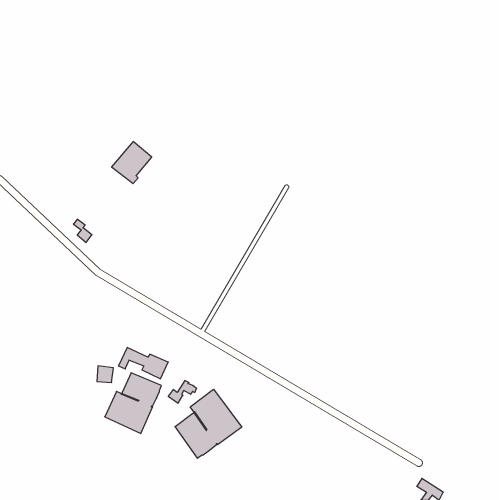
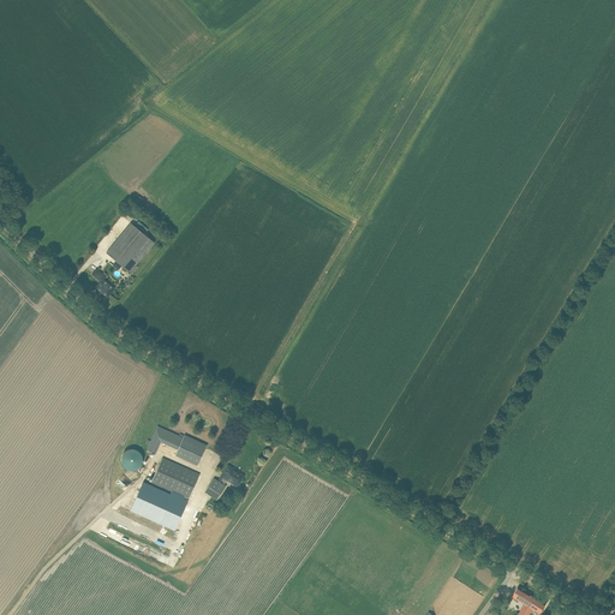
building: [112,142,152,184] -> [105,222,154,274]
building: [175,389,242,458] -> none

